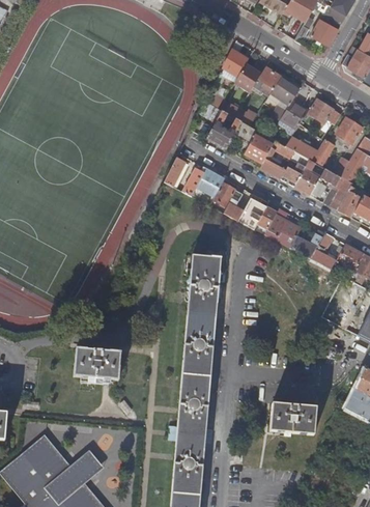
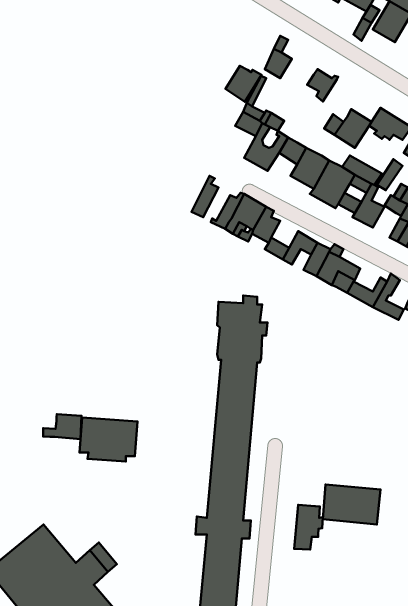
building: [234,63,263,92] -> [226,66,262,102]
building: [271,75,302,105] -> none
building: none -> [43,414,82,439]
building: none -> [294,505,323,549]

